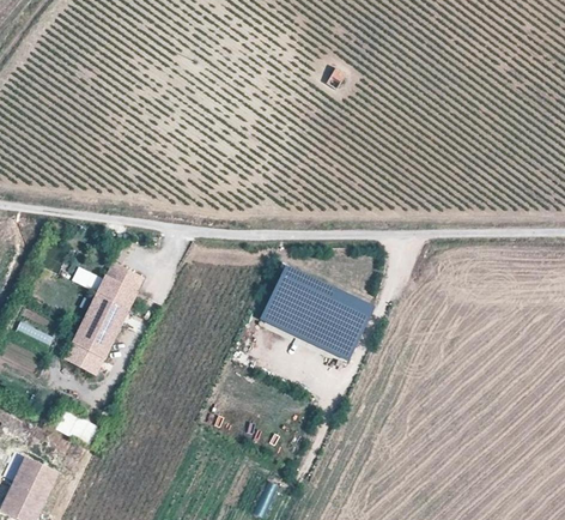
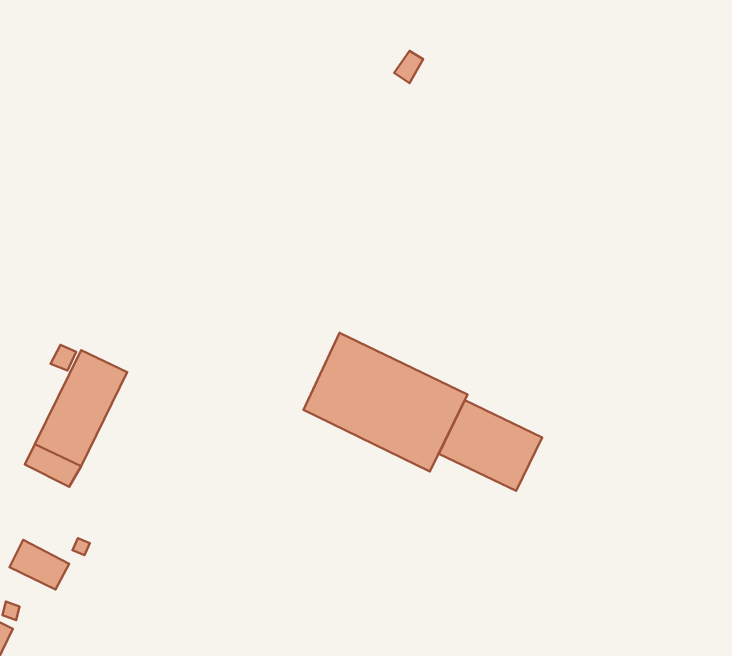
building: [104,261,144,292] -> none
building: none -> [439,400,542,491]

